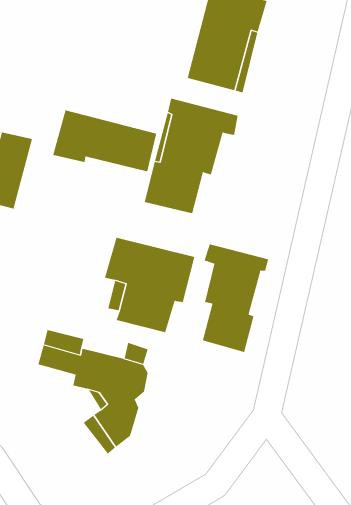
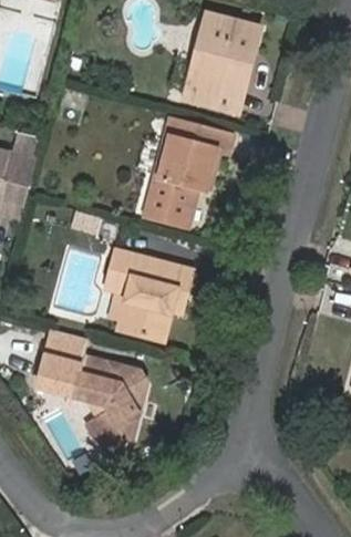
building: [53,110,157,172] -> none
building: [202,244,269,353] -> none

